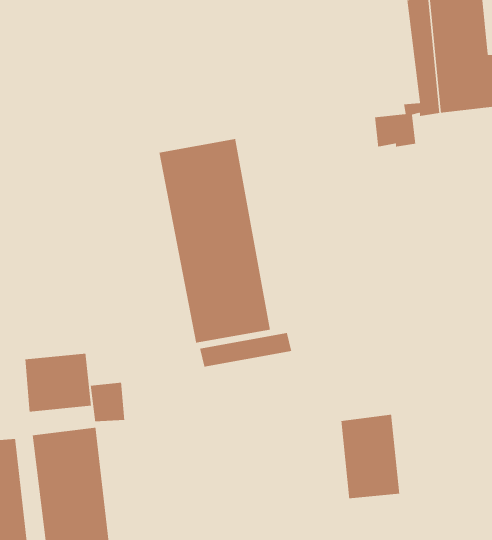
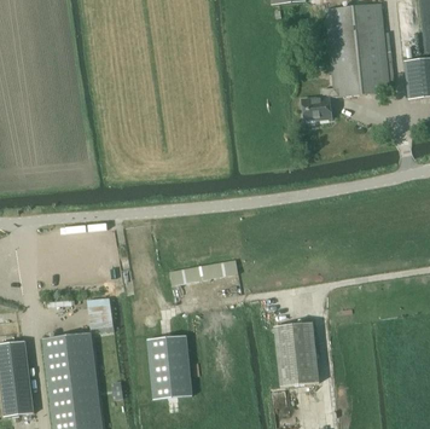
building: [159,138,271,343] -> none
building: [25,353,92,412] -> none
building: none -> [147,335,192,399]

